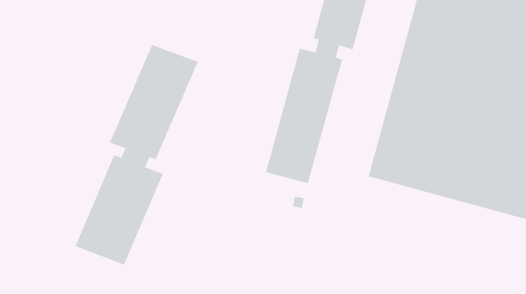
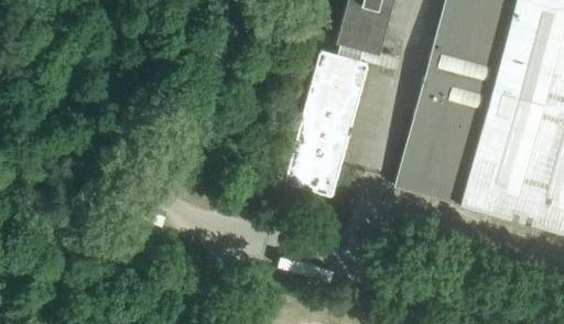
building: [75,44,198,266] -> none

